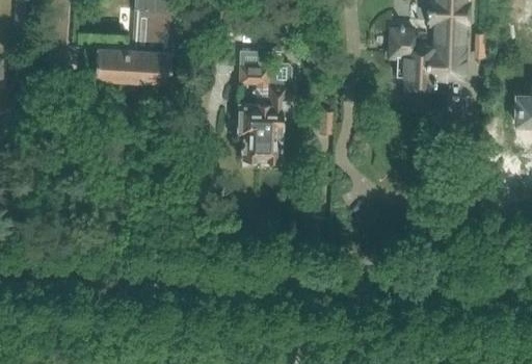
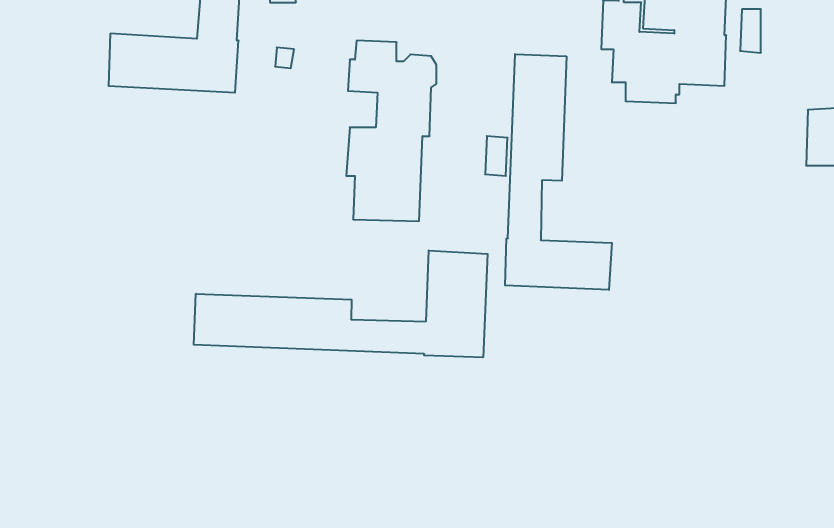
building: none -> [505,54,612,290]
building: none -> [194,250,488,357]

